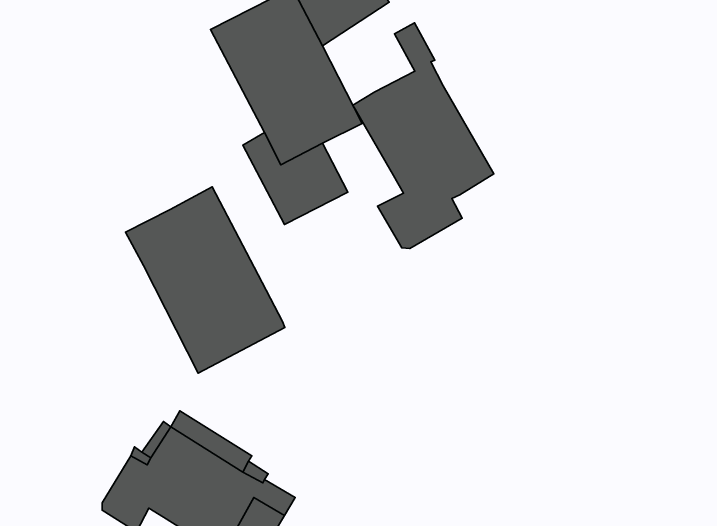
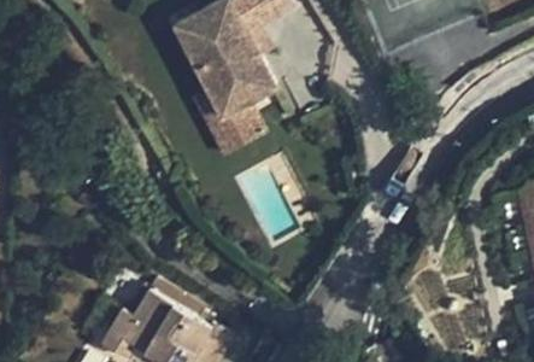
building: [353,23,494,248] -> none
building: [126,187,285,373] -> none

